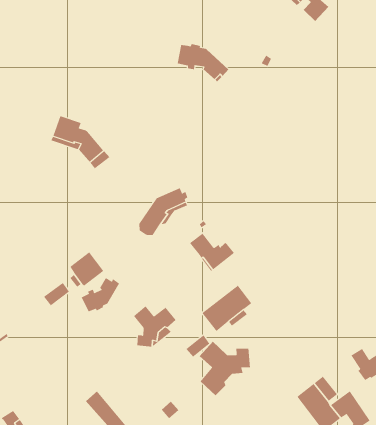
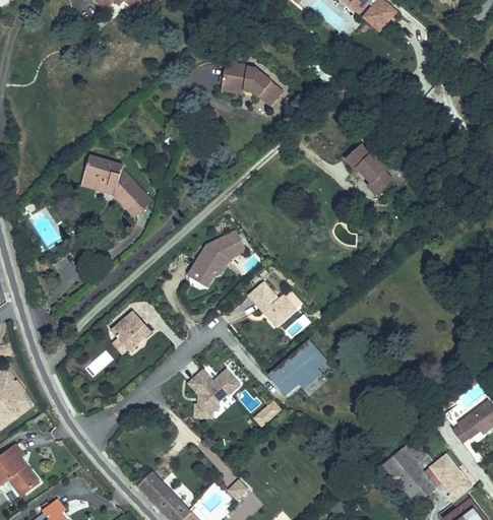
building: none -> [346,134,405,194]
building: [81,277,120,312] -> none
building: [199,341,251,396] -> none

